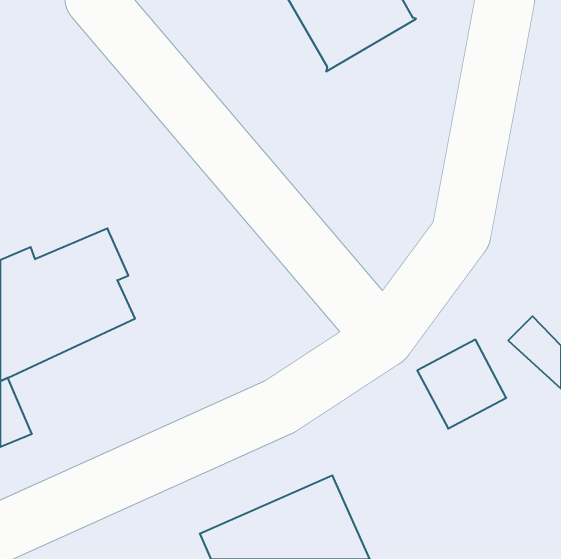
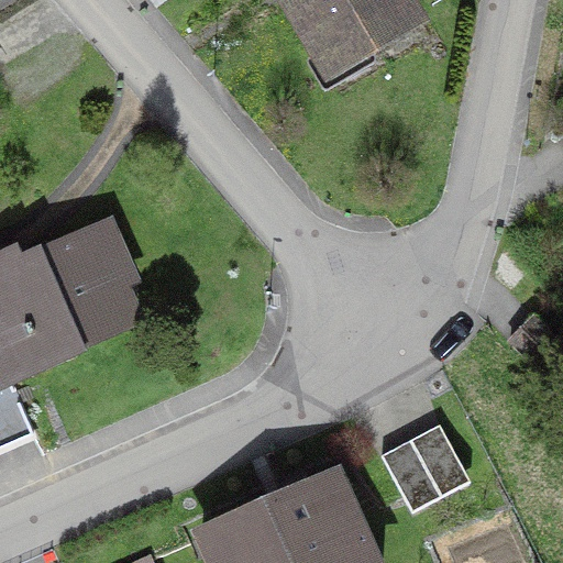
building: [417,340,506,429] -> [380,424,470,514]

